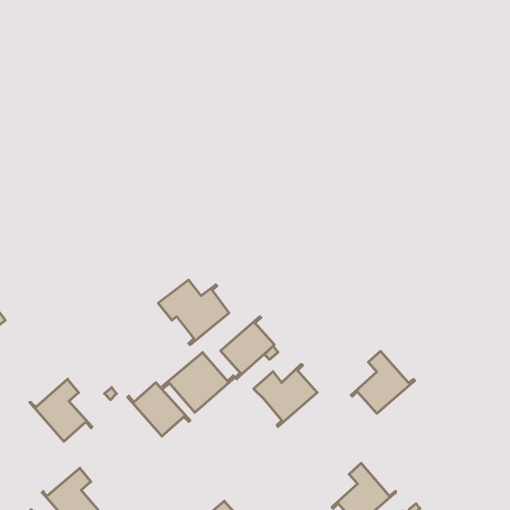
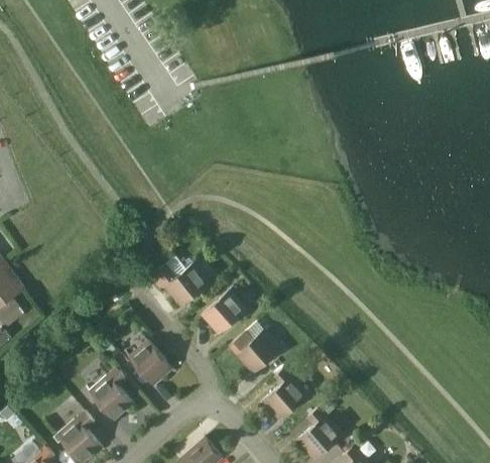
building: [351,351,415,413] -> [259,368,312,420]
building: [163,352,235,412] -> none
building: [30,379,92,441] -> [86,368,137,420]

